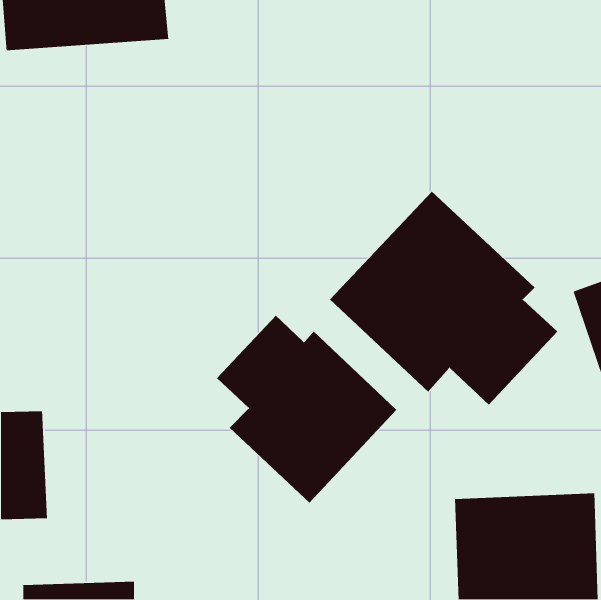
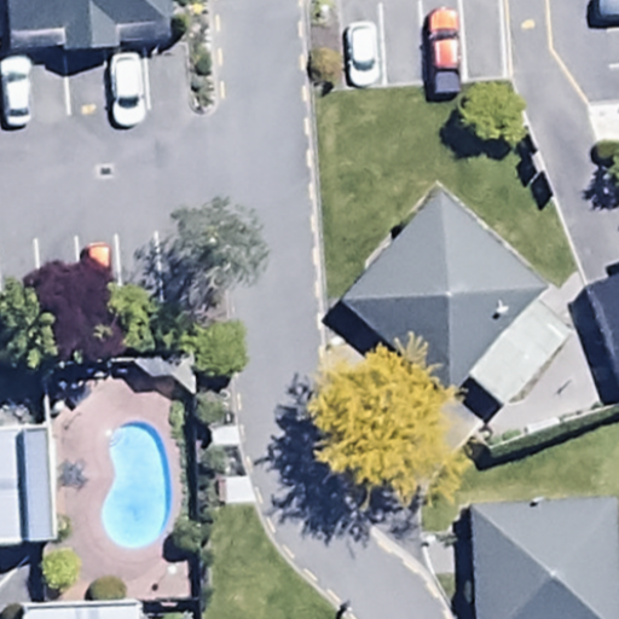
building: [216,315,397,504] -> none

